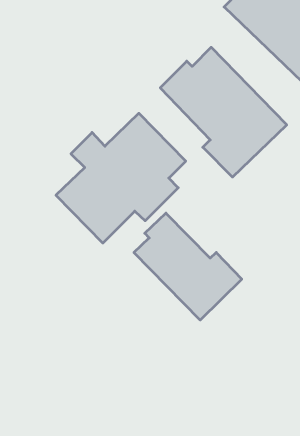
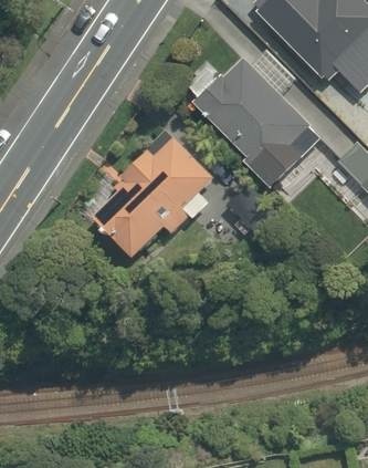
building: [134,213,242,320] -> none

